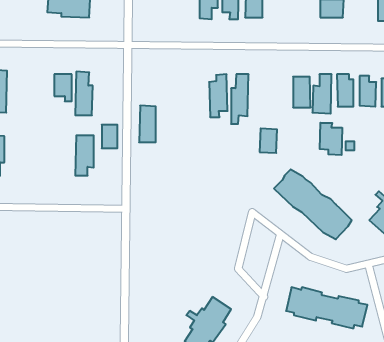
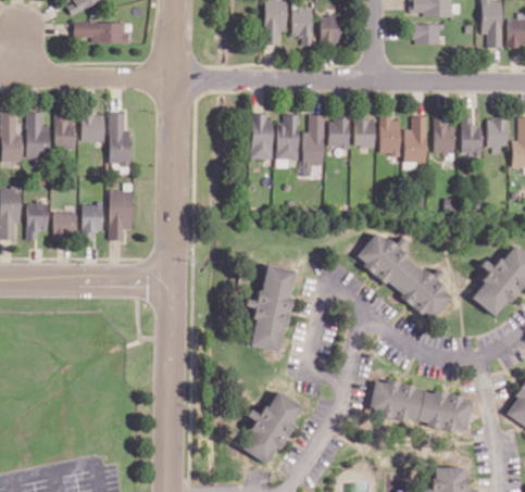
building: none -> [26,113,50,161]
building: none -> [54,113,75,150]
building: none -> [352,119,373,149]
building: [139,106,156,142] -> [249,114,270,160]
building: [320,123,342,155] -> none
building: [102,125,117,148] -> [82,204,101,234]
building: [260,128,277,153] -> [326,118,348,149]
building: none -> [26,203,47,241]
building: none -> [52,212,74,242]
building: none -> [245,265,296,351]

